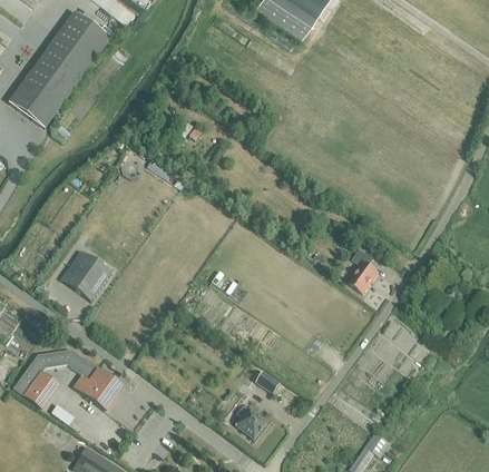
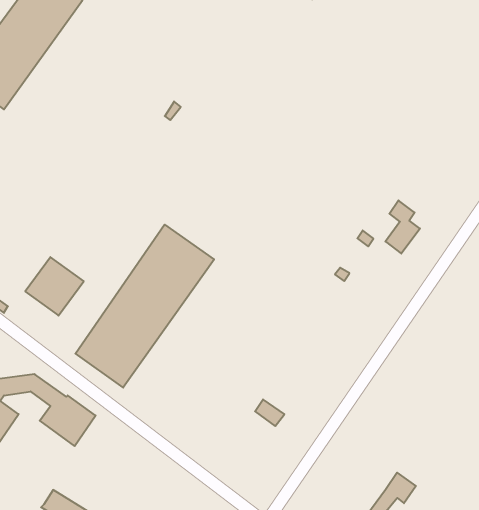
building: none -> [75,225,214,388]
building: [348,248,376,293] -> [385,200,420,254]
building: [234,405,266,439] -> none

